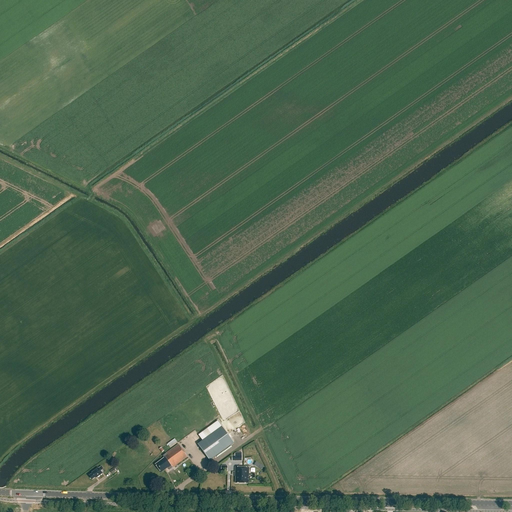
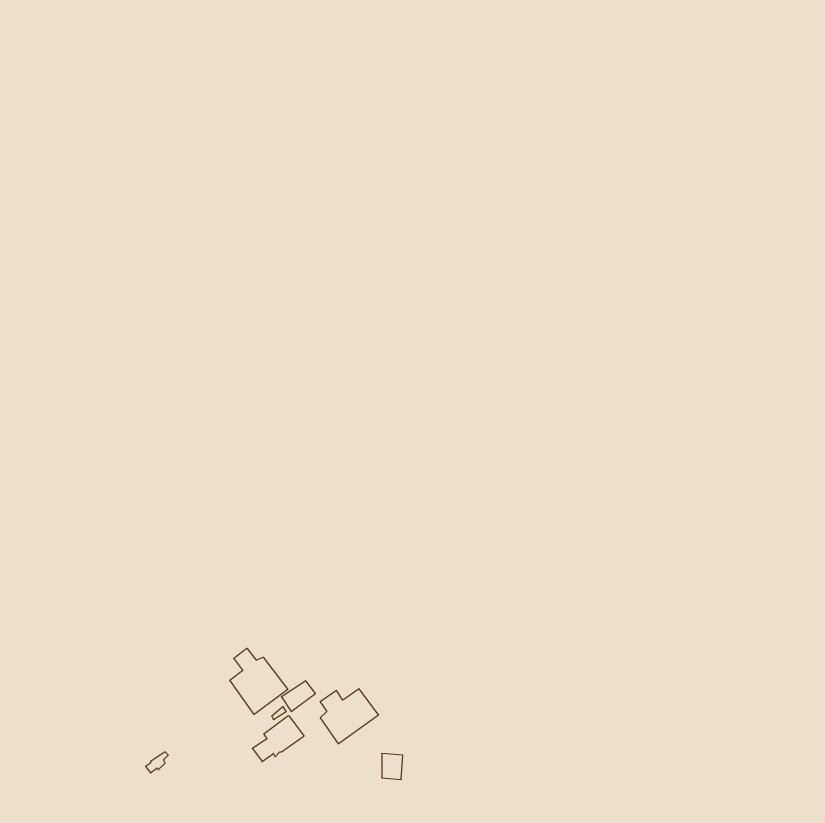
building: none -> [230,648,288,714]

